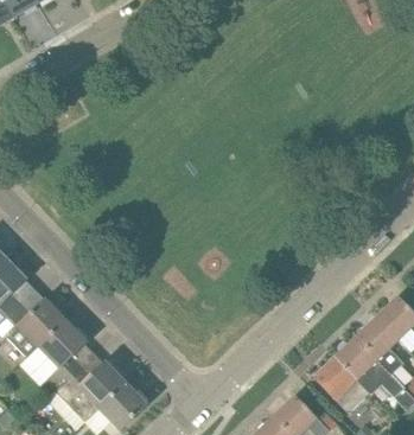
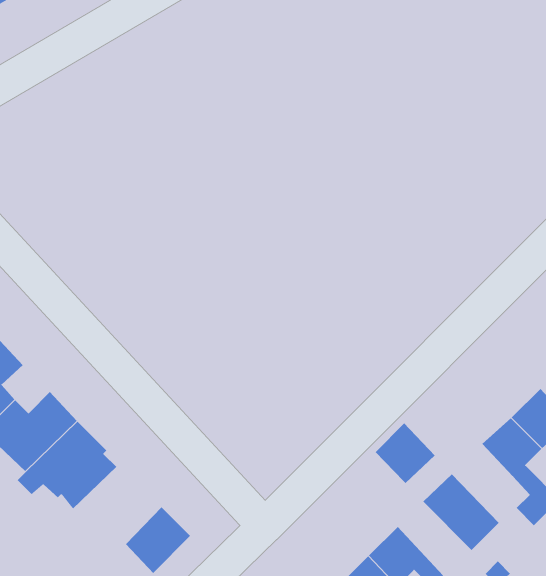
building: [335,334,378,391] -> [375,423,435,501]
building: [55,351,125,420] -> none

